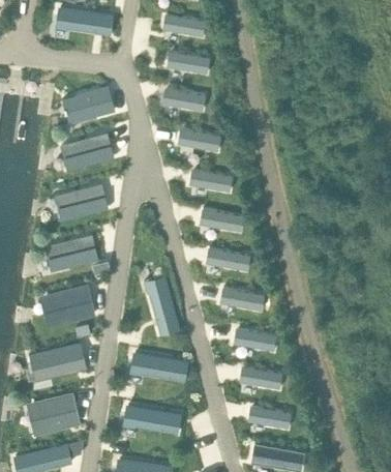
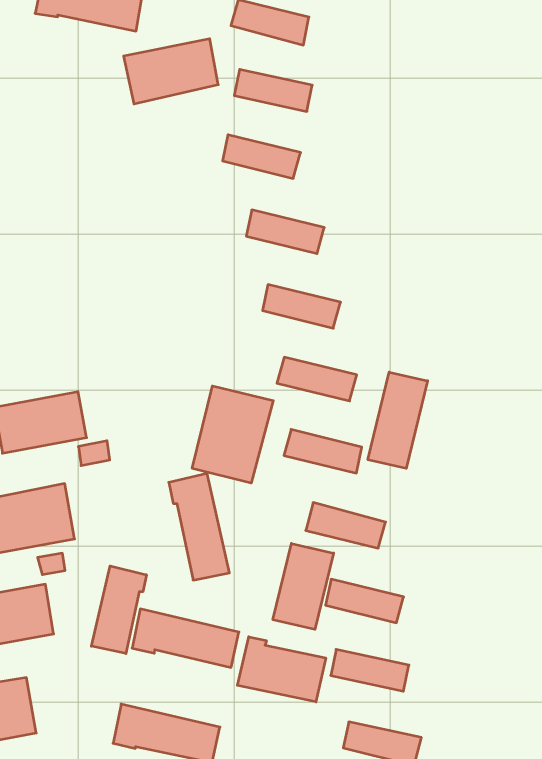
building: [62,86,115,124] -> [124,39,218,104]
building: [60,132,114,171] -> none
building: [55,183,107,219] -> none
building: none -> [368,372,428,468]
building: none -> [192,386,273,483]
building: none -> [273,543,334,629]
building: none -> [91,566,146,654]
building: none -> [237,637,326,702]

